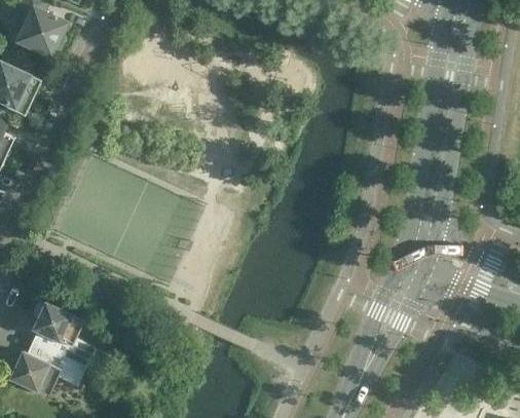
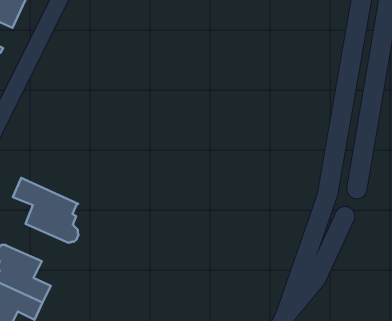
building: none -> [13,178,78,243]

